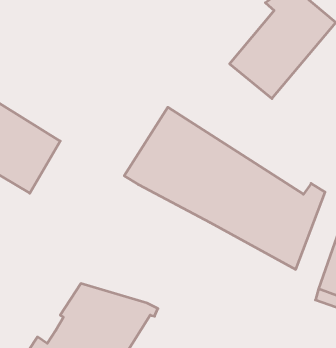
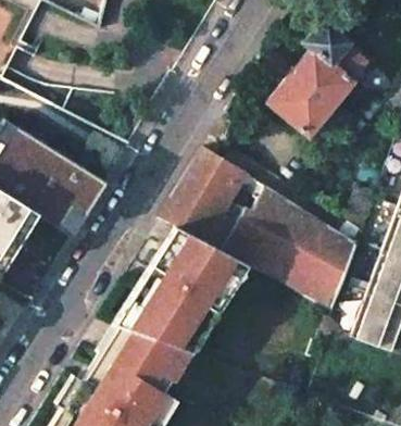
building: none -> [118,224,248,348]

